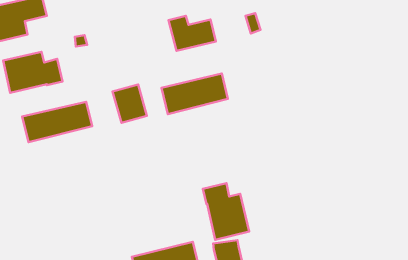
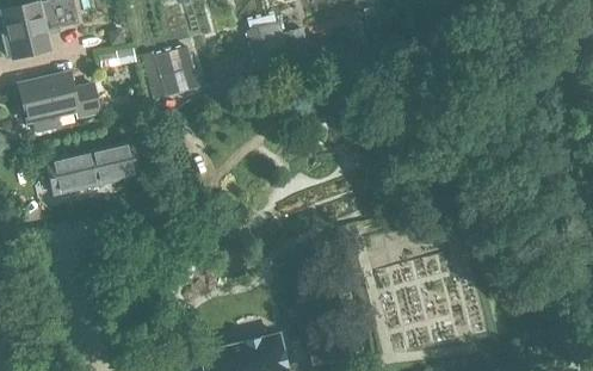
building: [161,74,228,114] -> none
building: [113,84,147,123] -> [152,45,198,98]
building: [203,183,249,240] -> none

